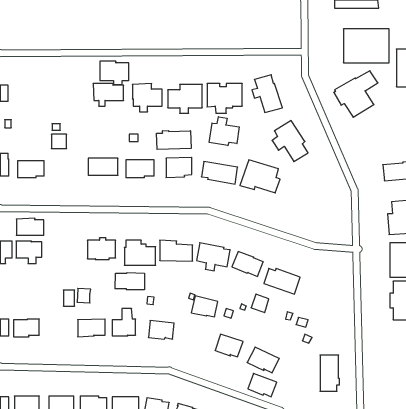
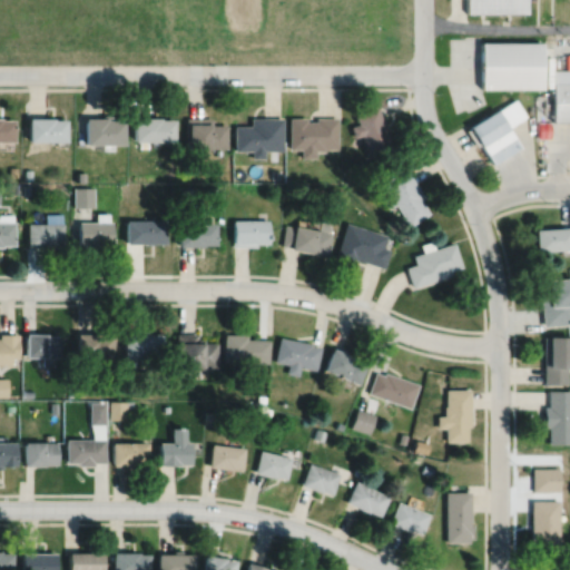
building: [100,61,129,85] -> [86,118,126,150]
building: none -> [29,118,69,142]
building: [209,117,239,146] -> none
building: [157,131,191,149] -> none
building: none -> [80,214,116,247]
building: none -> [410,243,466,288]
building: [16,218,44,235] -> [79,335,117,358]
building: [115,273,144,290] -> none
building: none -> [441,391,474,443]
building: [191,296,218,317] -> [257,452,294,481]
building: none -> [68,441,109,468]
building: none -> [535,470,562,493]
building: none -> [533,502,562,551]
building: [248,373,277,397] -> [393,504,433,537]

